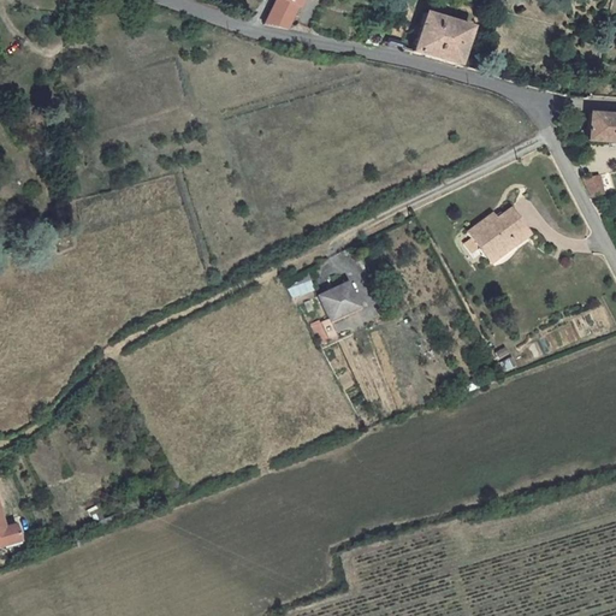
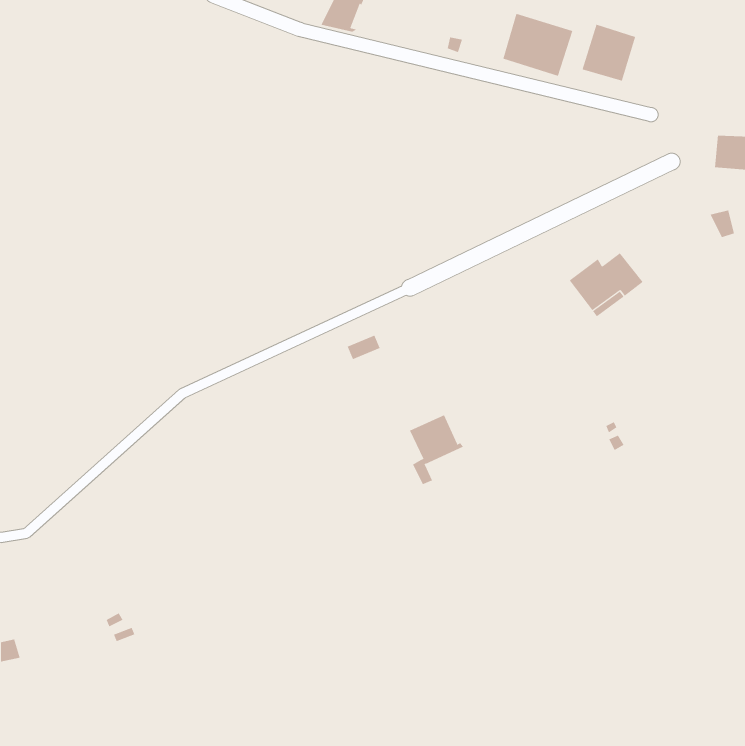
building: none -> [582,24,636,82]
building: [321,280,366,338] -> [409,414,464,485]

